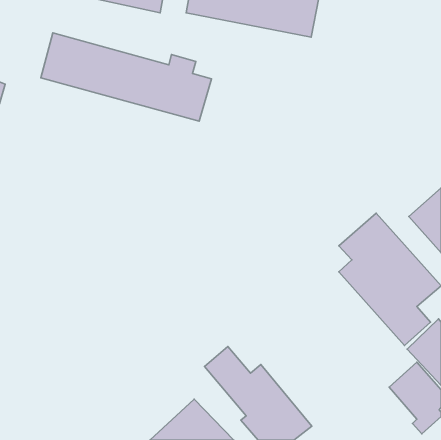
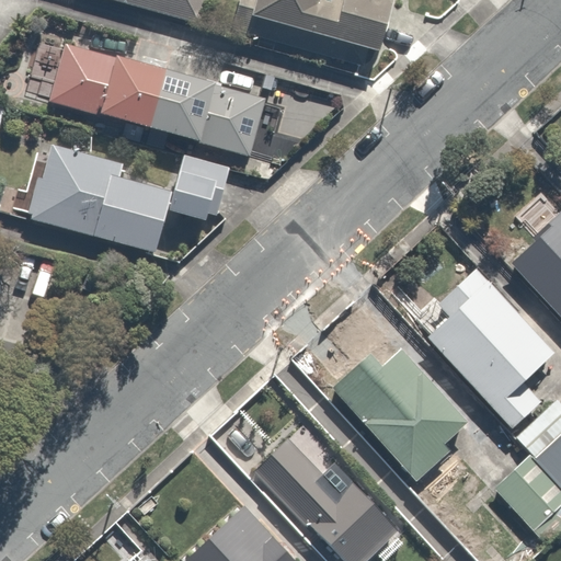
building: none -> [25,140,236,256]
building: none -> [325,335,476,490]

